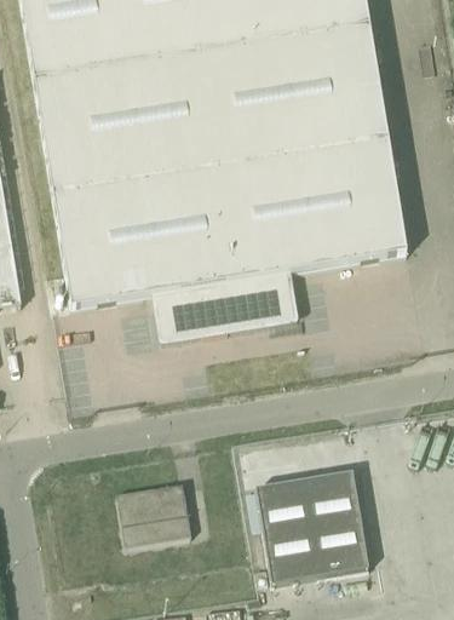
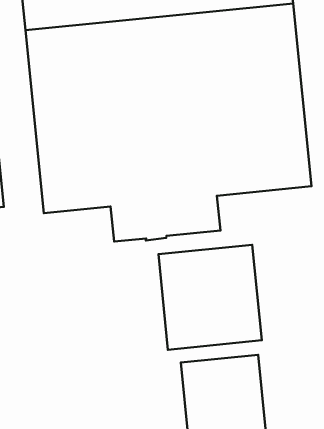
building: none -> [158,245,262,350]
building: [116,484,192,547] -> none

